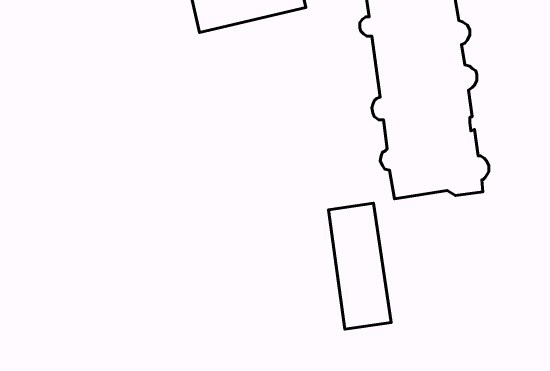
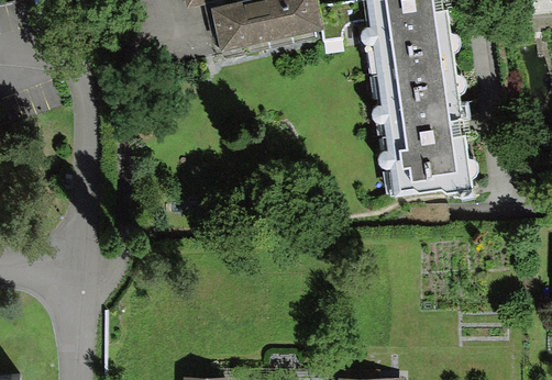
building: [328,203,391,329] -> none

